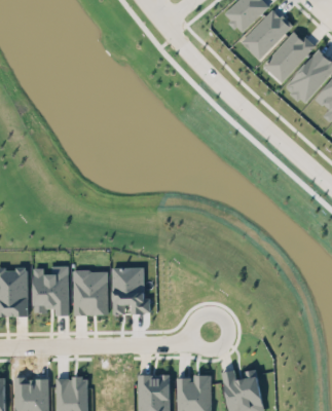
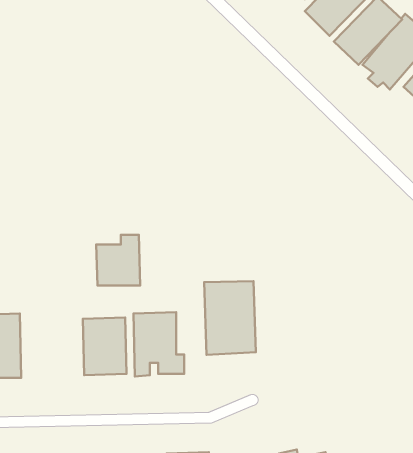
building: none -> [204,281,256,355]
building: [35,267,68,305] -> [96,235,140,286]

